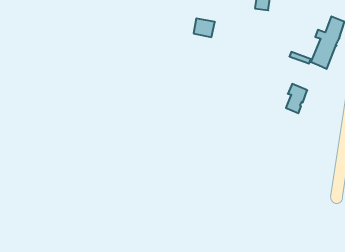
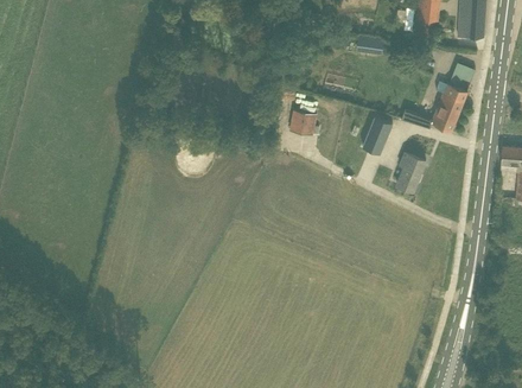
building: [194,18,215,37] -> [288,110,317,135]
building: none -> [361,117,392,155]

